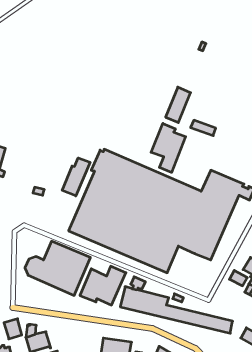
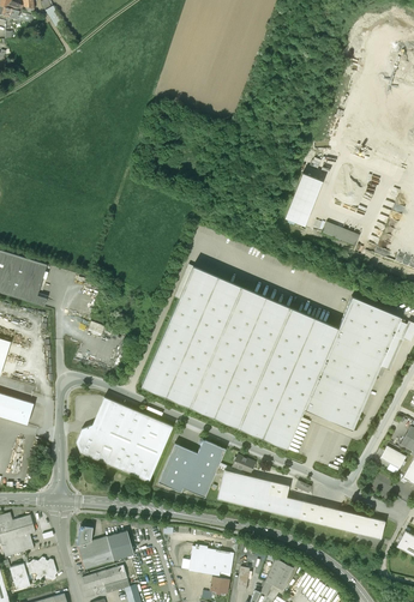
building: [151,123,186,172] -> none
building: [62,158,90,196] -> none
building: [4,319,22,339] -> [107,531,133,561]

